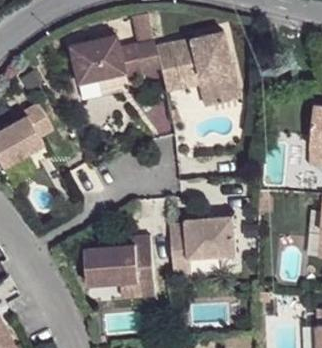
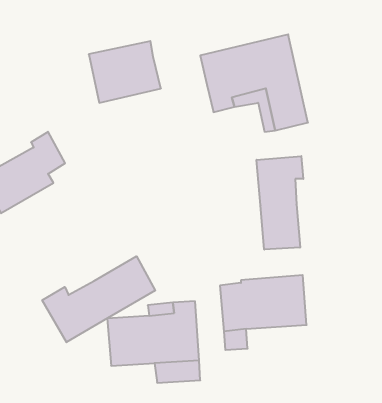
building: [119,13,160,77] -> none
building: none -> [257,156,303,250]
building: none -> [42,256,155,342]

